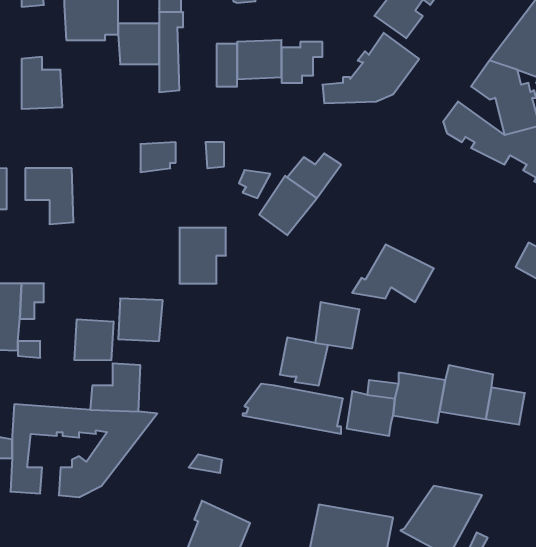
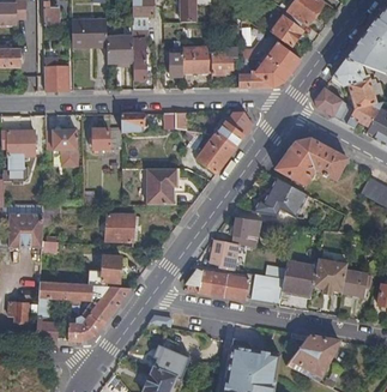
building: none -> [92,128,121,152]
building: none -> [277,138,347,185]
building: [74,319,113,360] -> none

